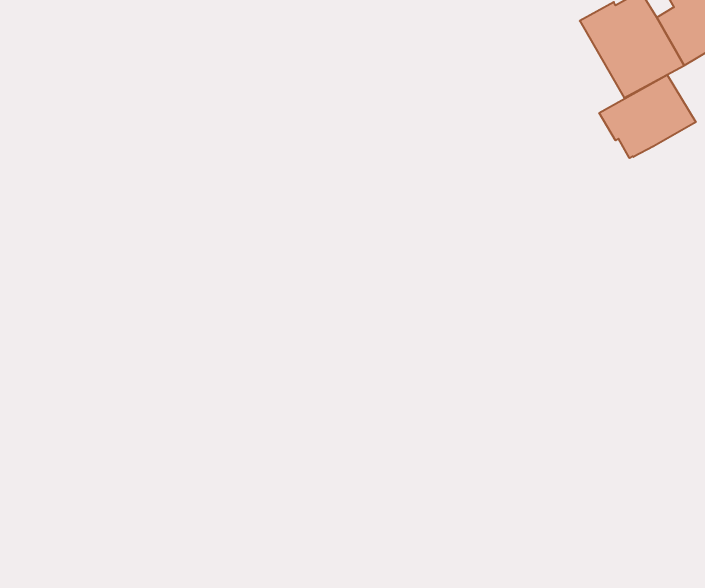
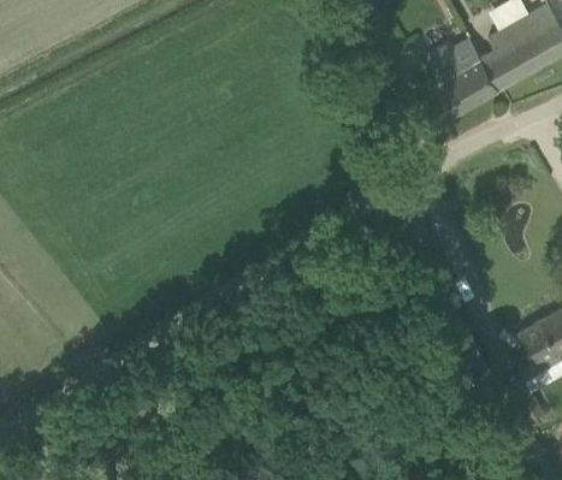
building: [599,75,696,158] -> none

